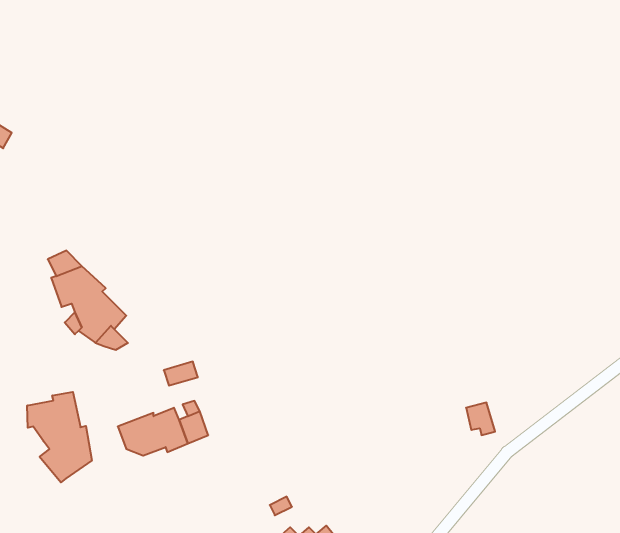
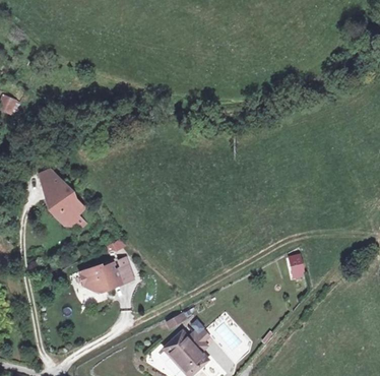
building: [27,392,92,482] -> none

